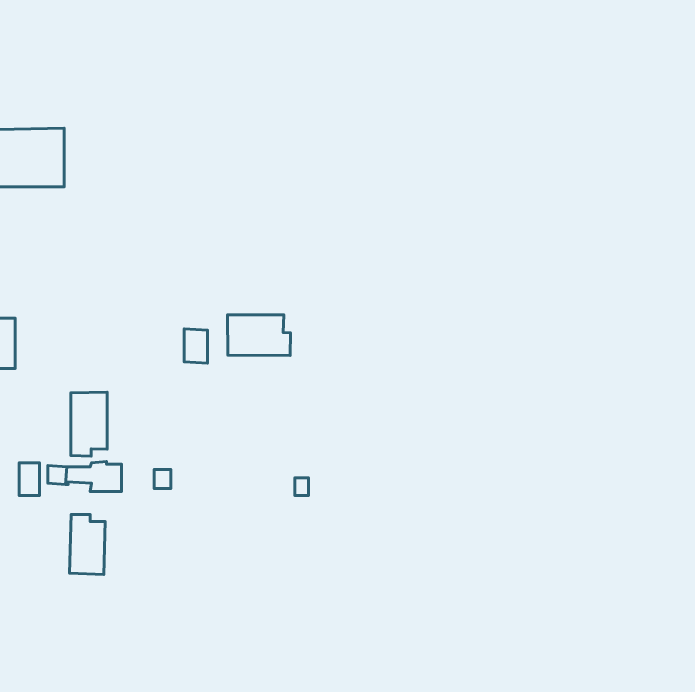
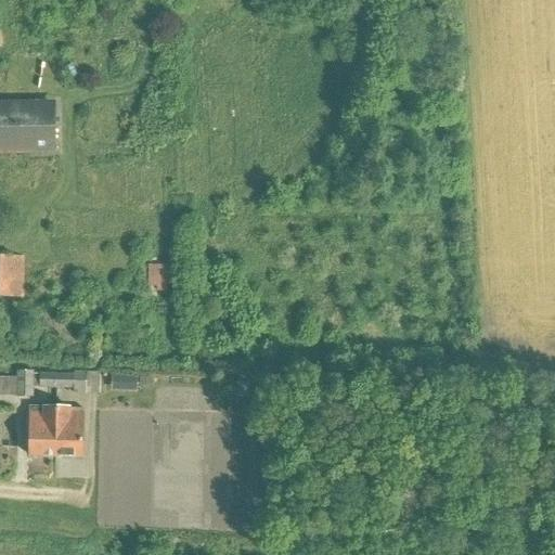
building: [227,315,291,355] -> none
building: [71,392,107,456] -> none
building: none -> [29,408,56,455]

